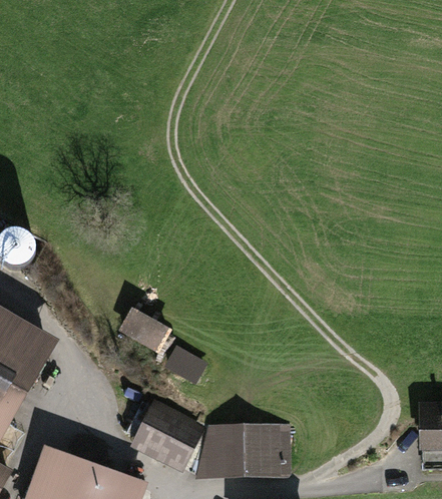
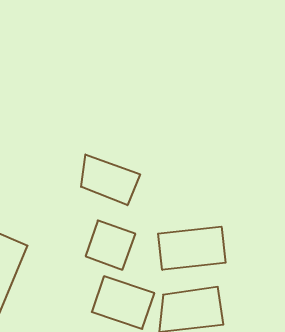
building: none -> [81,154,140,205]
building: none -> [158,227,226,270]

